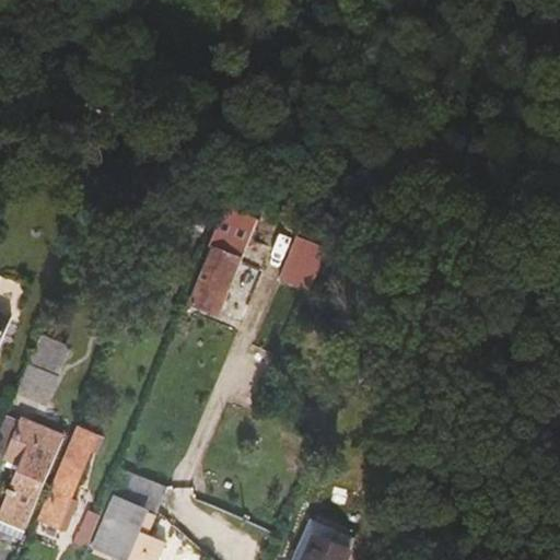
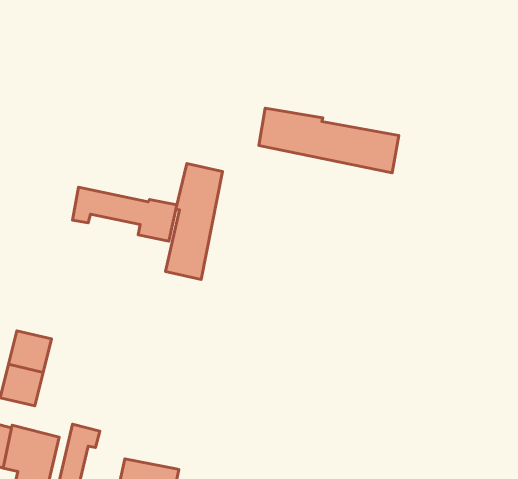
building: none -> [259,108,399,173]
building: none -> [73,187,177,241]
building: [273,240,324,290] -> none

